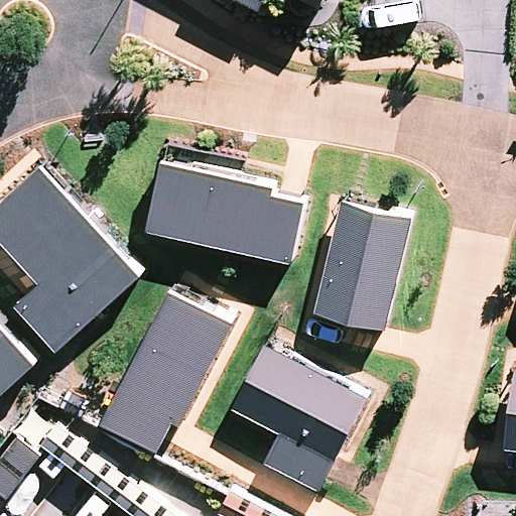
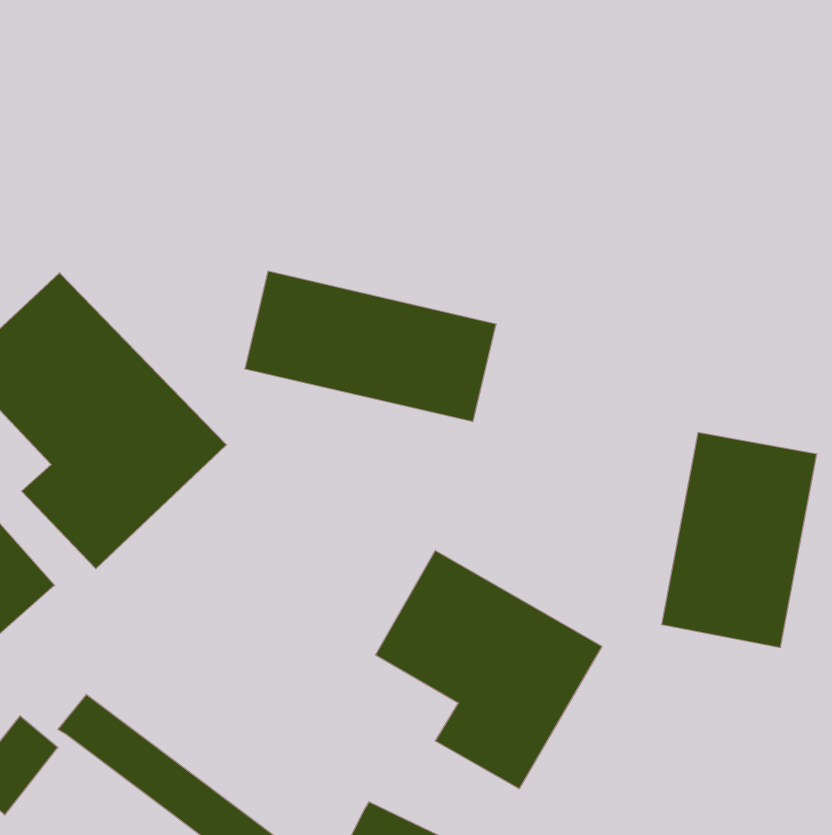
building: [313,201,408,332] -> [661,433,817,648]
building: [99,289,231,462] -> none

